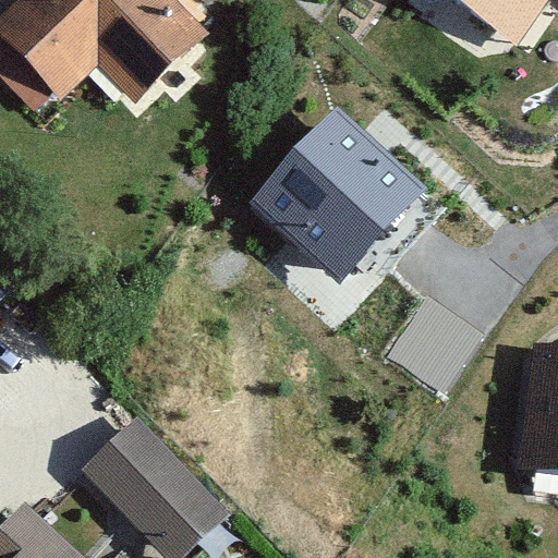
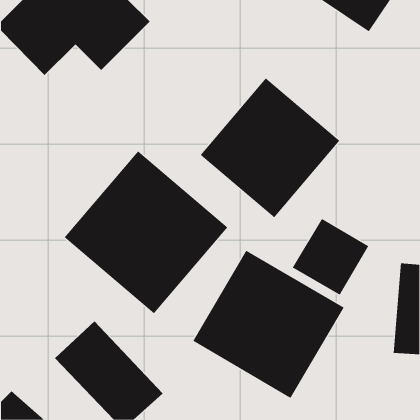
building: none -> [64,150,228,314]
building: none -> [193,250,344,399]

